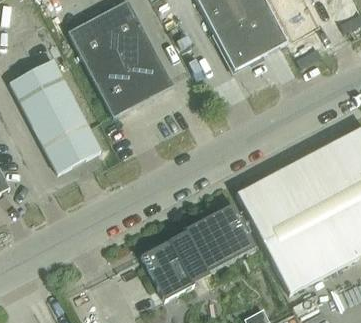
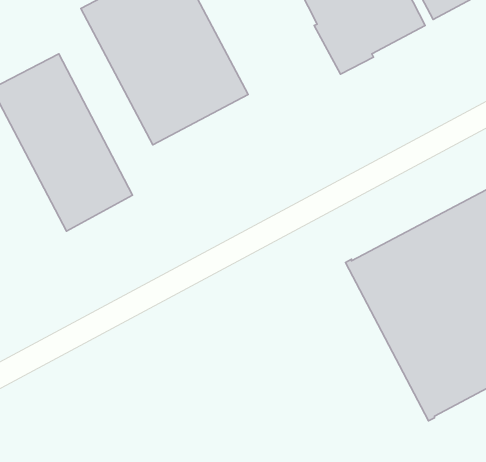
building: [140,203,255,299] -> none

